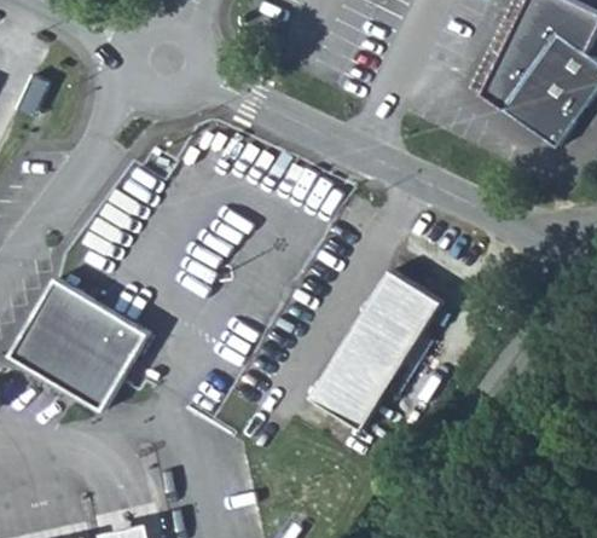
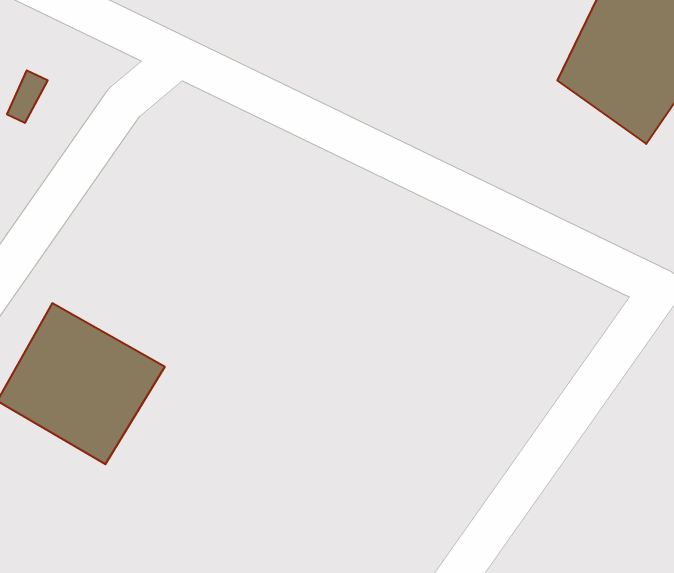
building: [313,272,444,432] -> none

